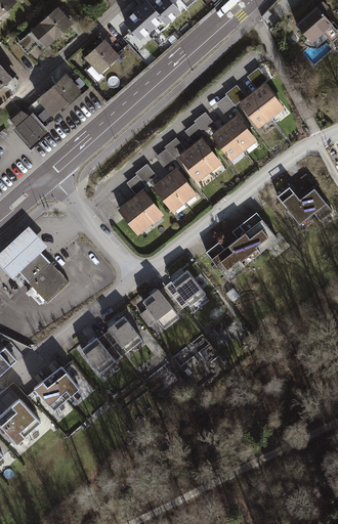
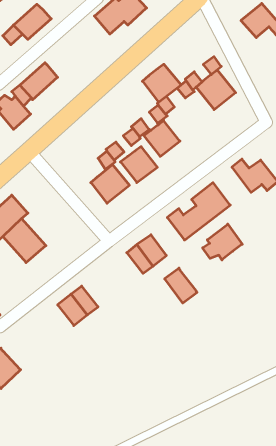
building: [85,40,120,75] -> none
building: [212,117,256,160] -> [142,64,181,102]
building: none -> [203,224,242,260]
building: [142,289,179,329] -> [165,268,197,303]
building: [107,314,141,352] -> none
building: [34,367,78,411] -> none

